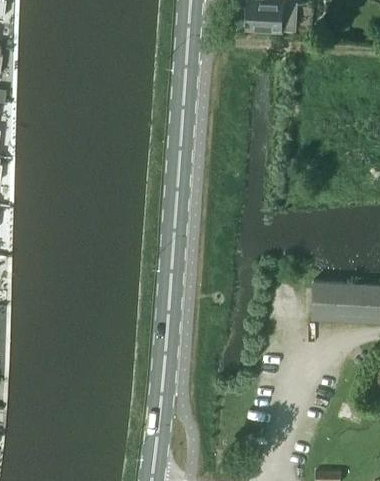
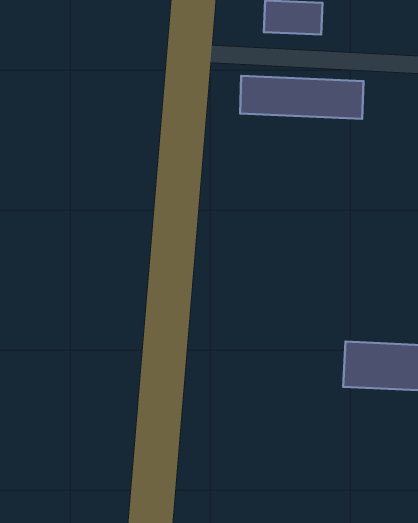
building: none -> [240,76,363,119]

